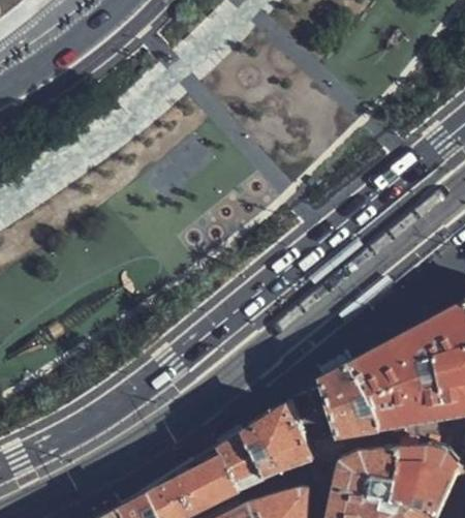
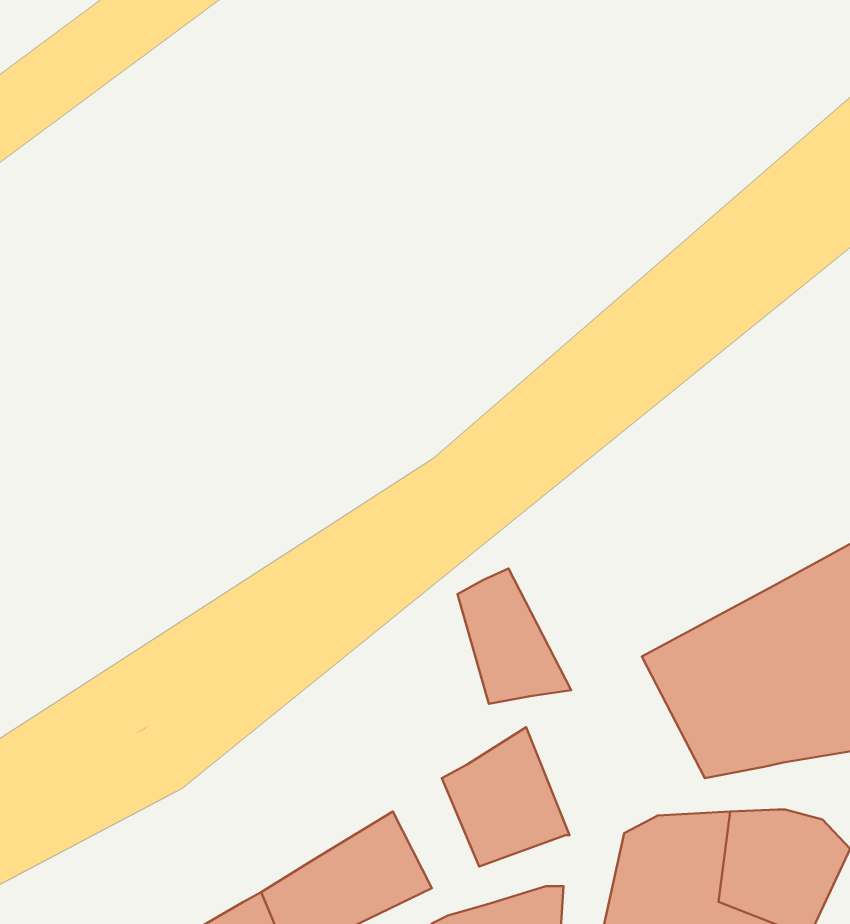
building: [321,366,381,437] -> [457,568,571,704]
building: [217,430,262,488] -> none

